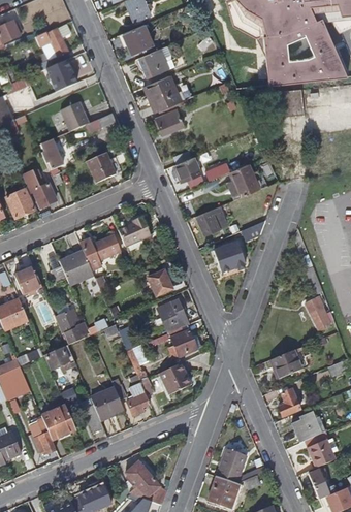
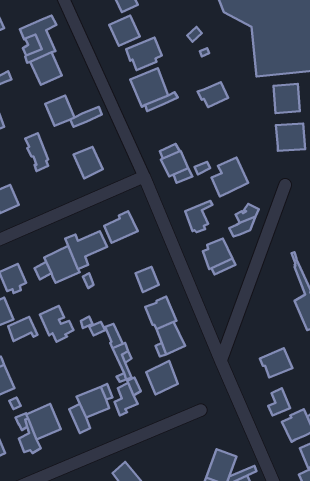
building: [154,109,184,134] -> [198,82,228,107]
building: none -> [276,124,305,151]
building: [22,169,56,205] -> none
building: [46,344,75,367] -> [8,317,38,341]

